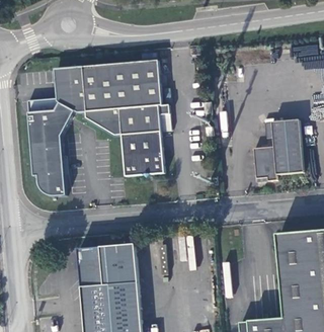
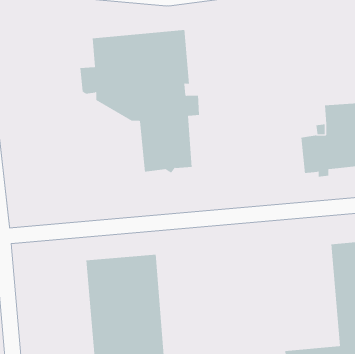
building: [26,66,84,194] -> none

